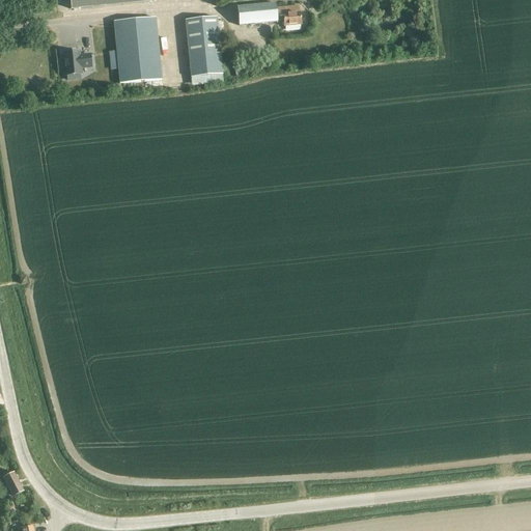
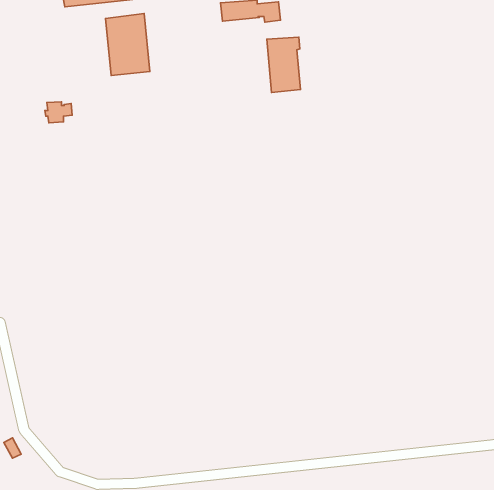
building: [186,15,222,74] -> [267,37,301,92]
building: [61,49,90,72] -> [45,102,72,123]

